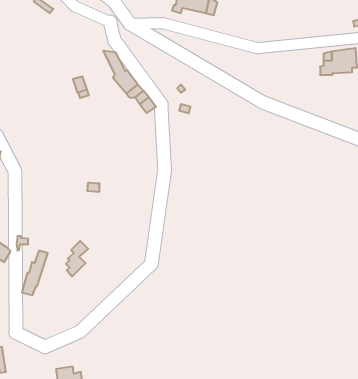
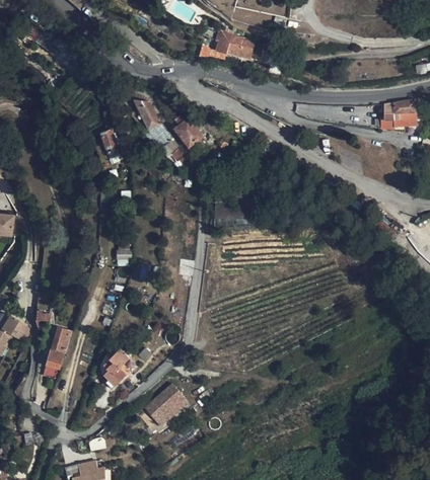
building: none -> [177,116,205,145]
building: [66,241,88,276] -> [102,348,128,389]
building: none -> [147,383,190,424]

